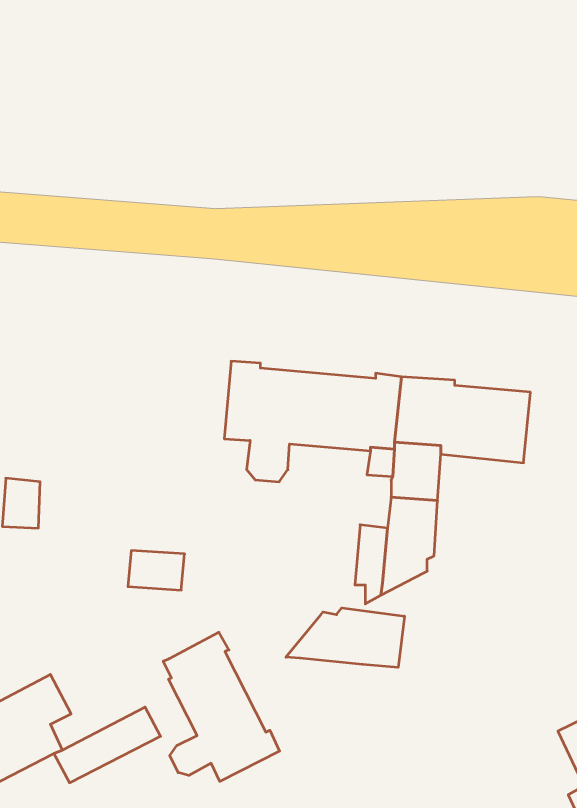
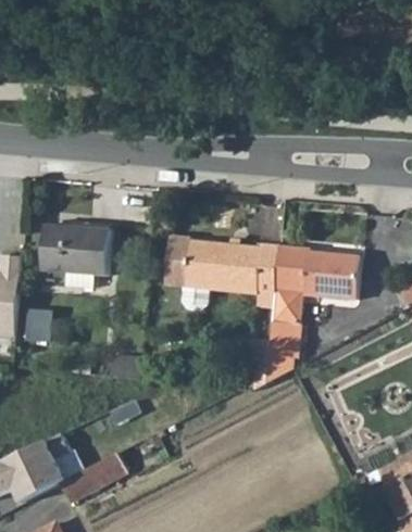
building: none -> [43,228,110,289]
building: [286,608,404,667] -> none
building: [163,632,280,781] -> none

